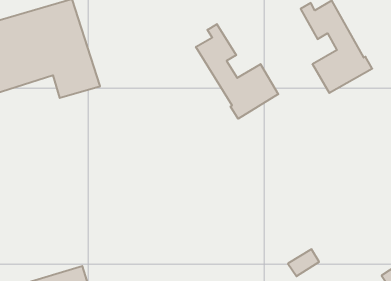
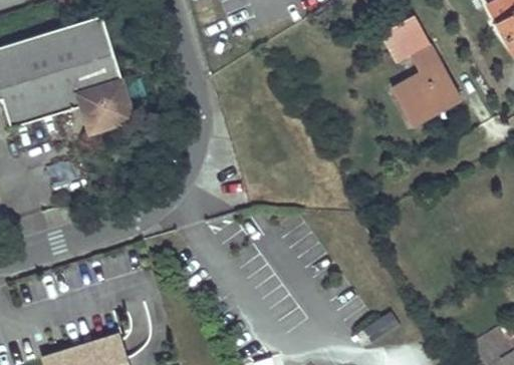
building: [196,24,278,119] -> none

